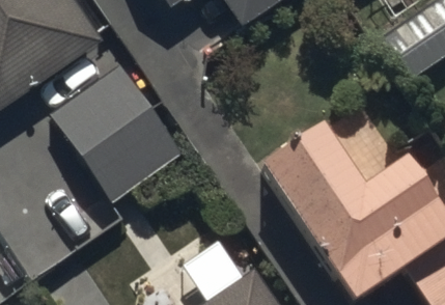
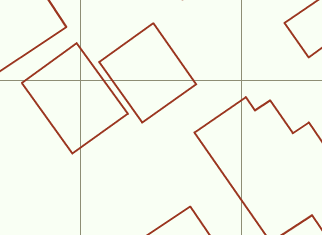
building: none -> [99,23,196,123]

